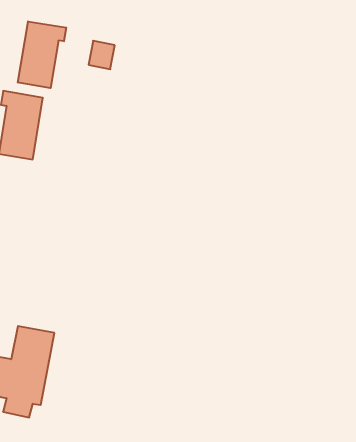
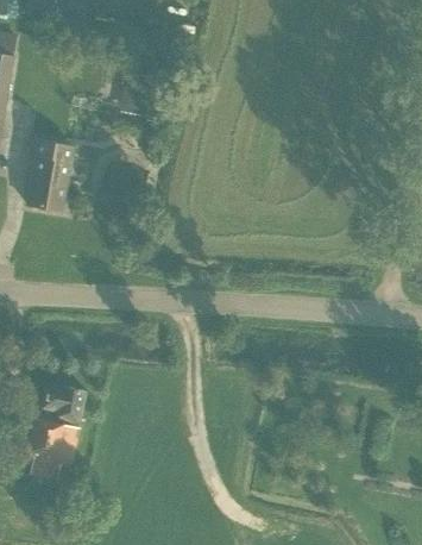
building: [18,21,66,88] -> none

